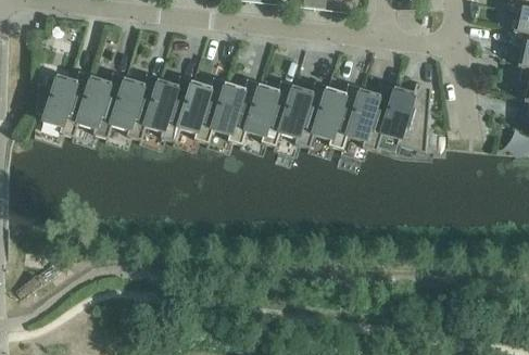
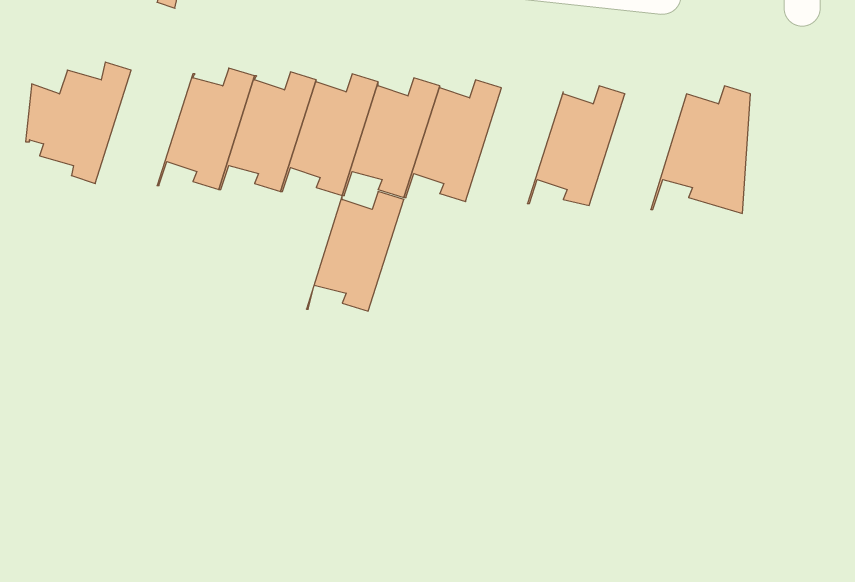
building: [74,73,127,138] -> none
building: [276,83,329,148] -> [306,192,404,311]
building: [343,85,396,151] -> none

